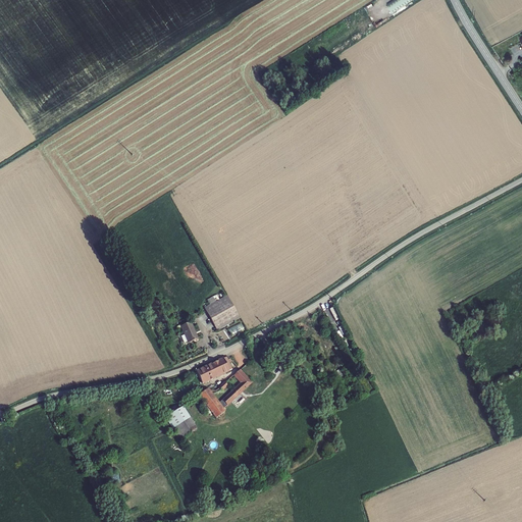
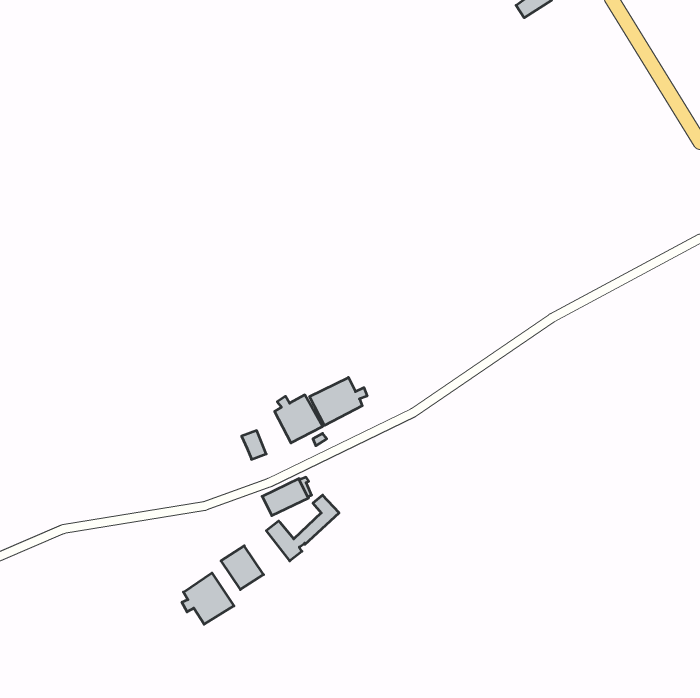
building: none -> [310,377,367,425]
building: none -> [182,573,234,624]

